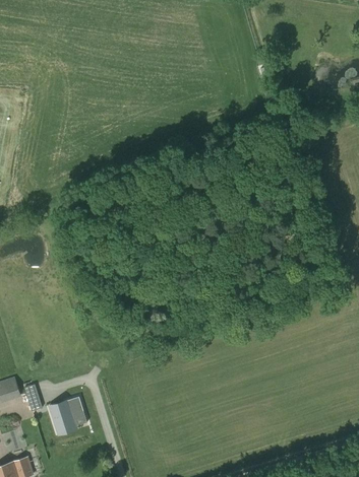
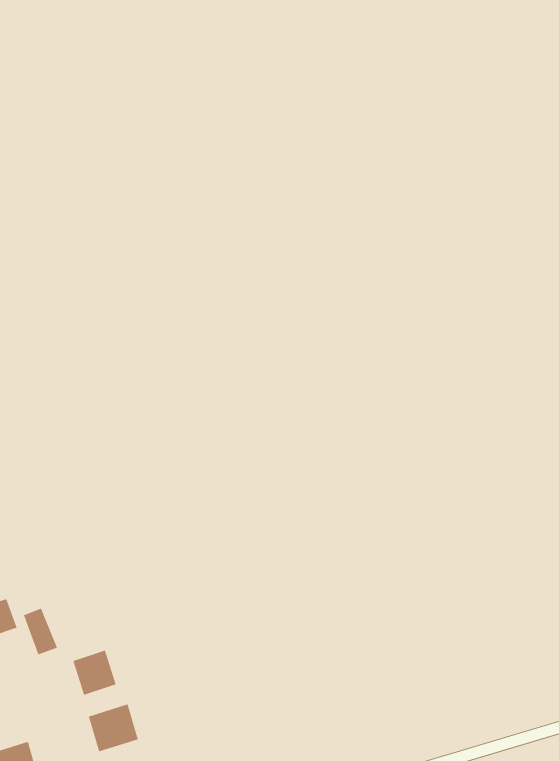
building: none -> [88,704,139,752]

